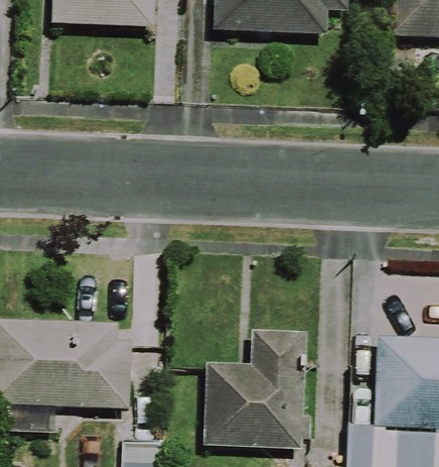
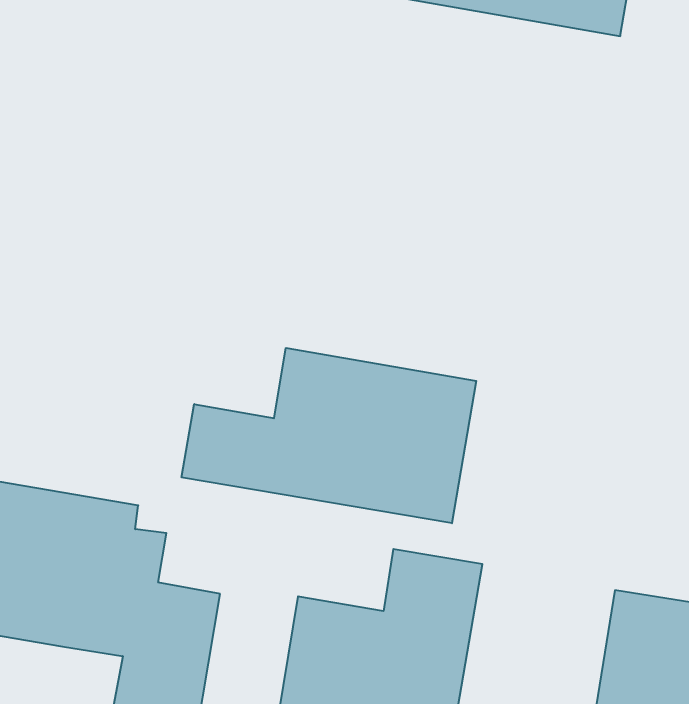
building: none -> [182,348,476,523]

